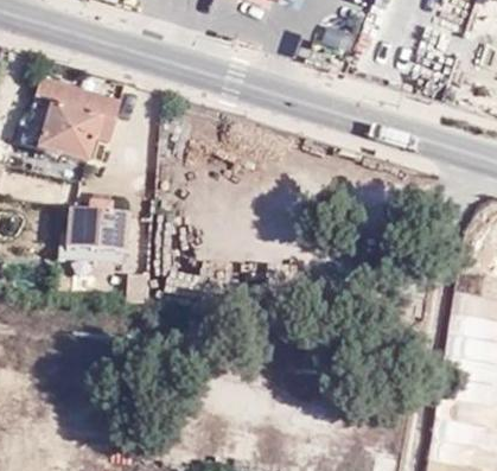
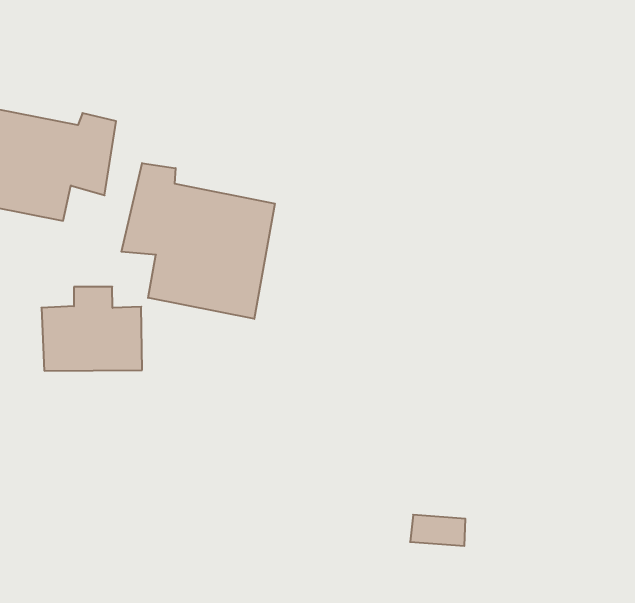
building: none -> [121,163,275,319]

